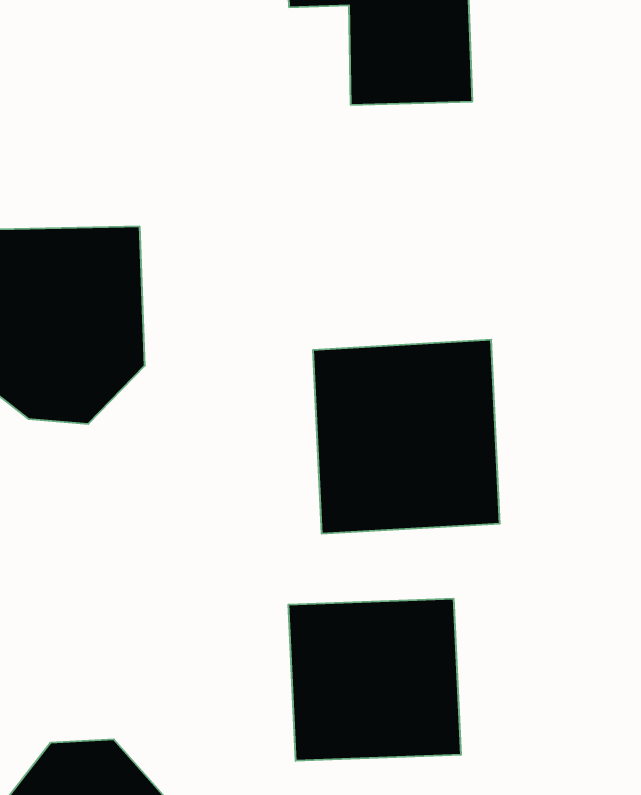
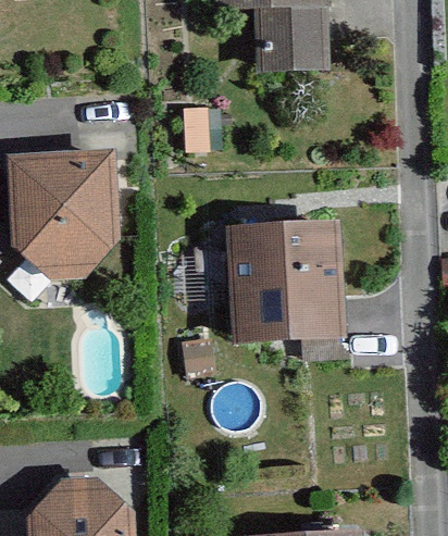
building: [288,599,461,761] -> none

